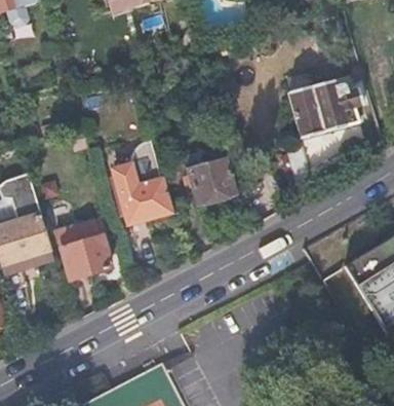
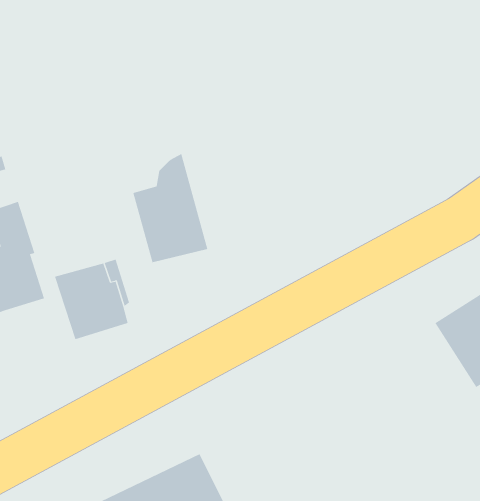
building: [288,80,368,139] -> none
building: [189,160,236,205] -> none

